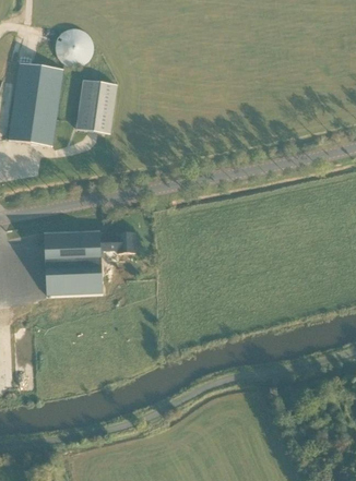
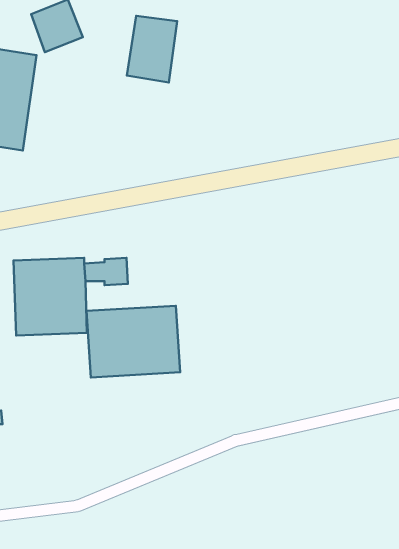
building: [75,81,116,134] -> [127,16,177,82]
building: none -> [86,306,180,377]

